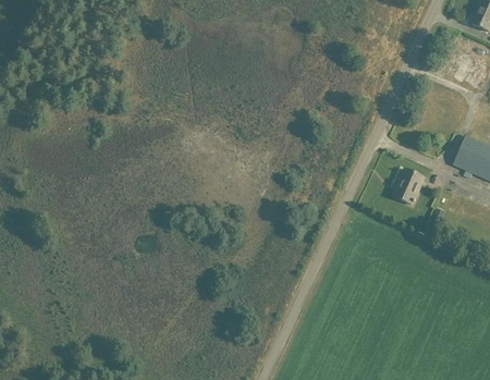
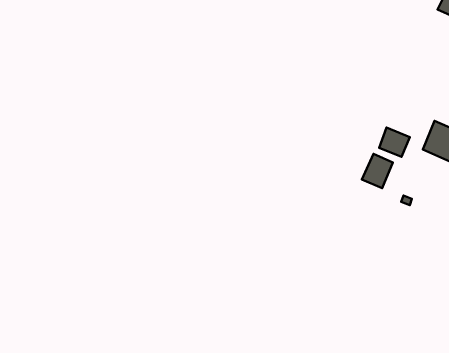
building: none -> [379,127,410,157]

